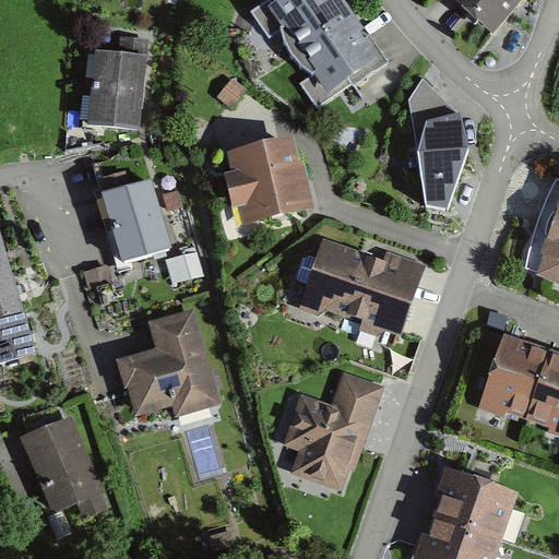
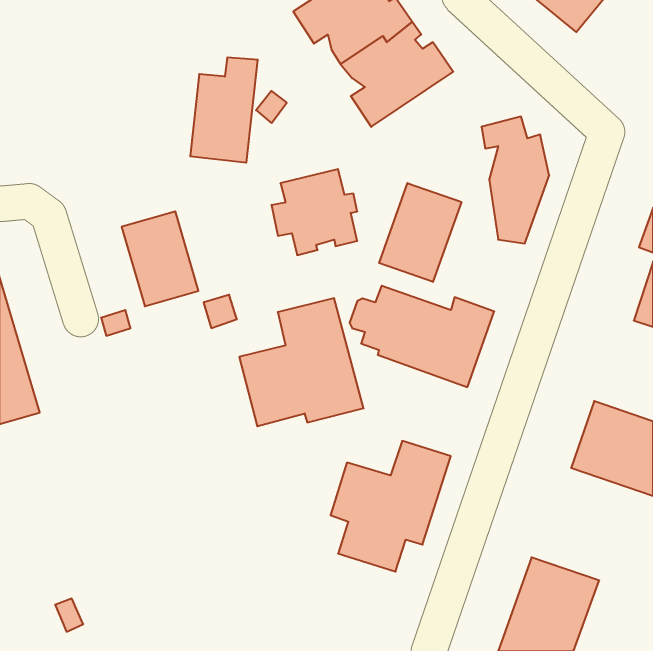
building: [90,37,147,127] -> [190,57,258,163]
building: none -> [379,183,461,282]
building: [114,310,219,419] -> [239,298,364,426]
building: [25,402,99,509] -> none

